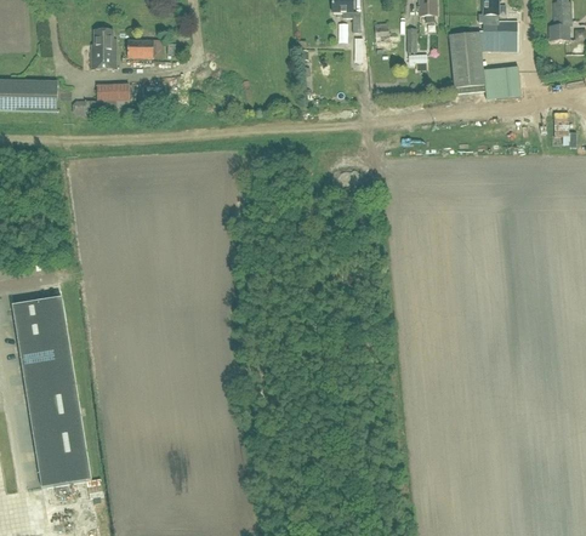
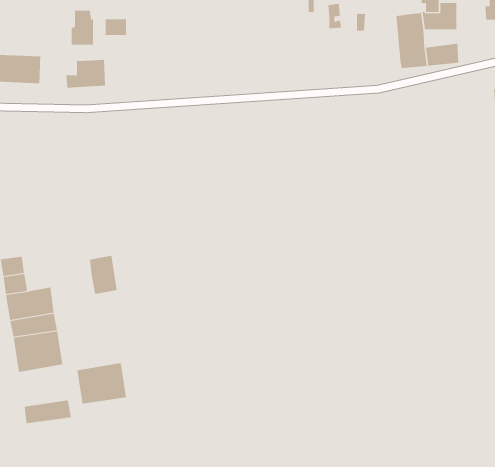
building: [36,295,68,338] -> [89,255,118,295]
building: [32,420,87,466] -> [76,362,127,404]

